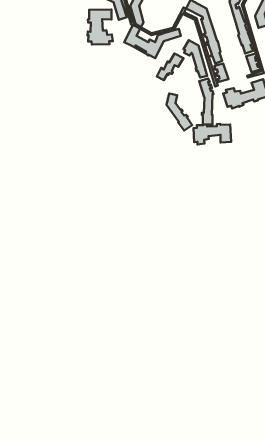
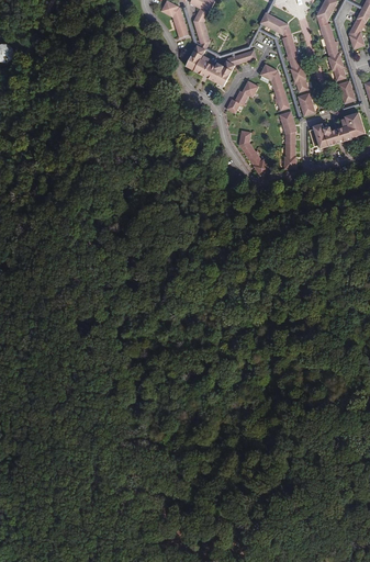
building: [87,10,113,44] -> none
building: [194,124,231,144] -> none

